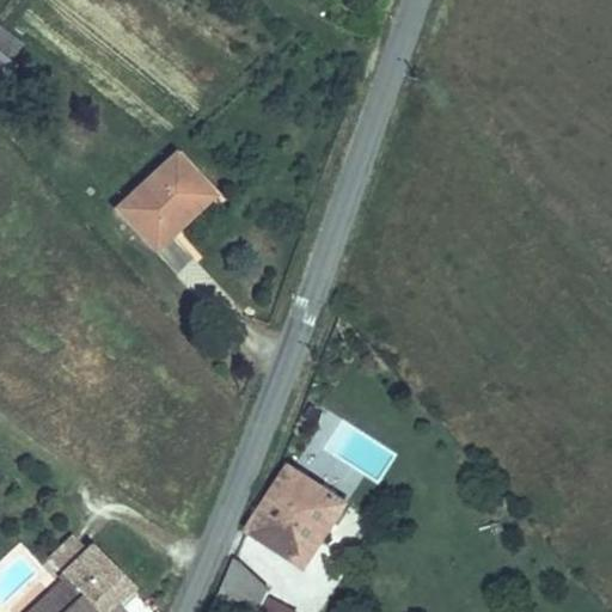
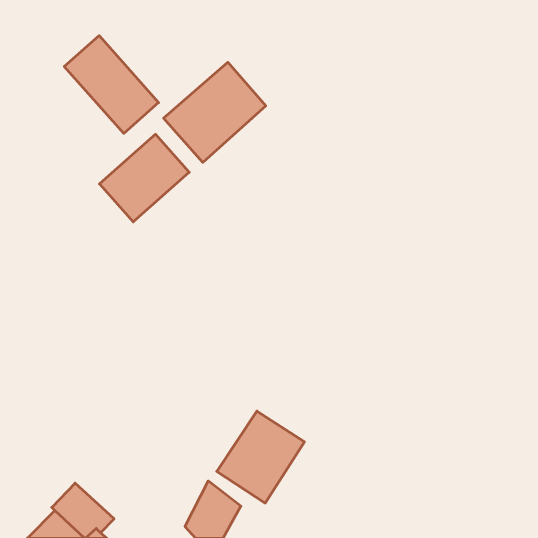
building: none -> [64,36,159,133]
building: none -> [164,62,266,162]

